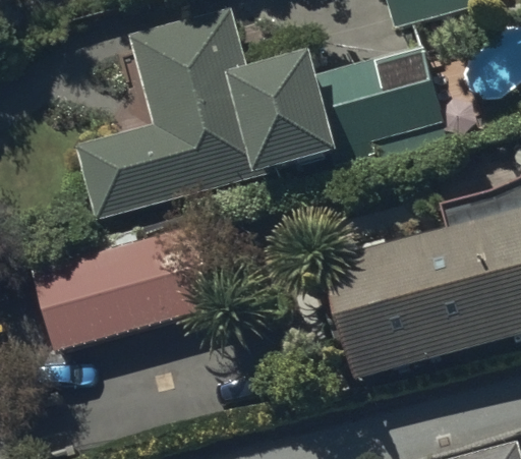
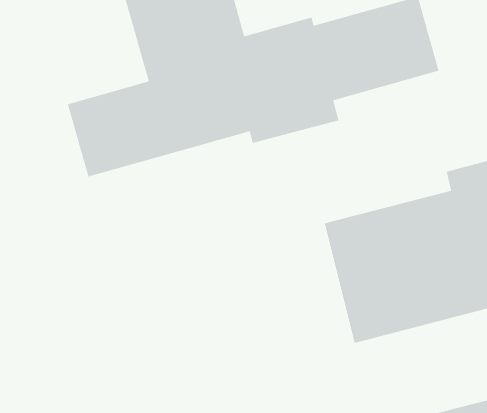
building: [34,224,223,349] -> none

